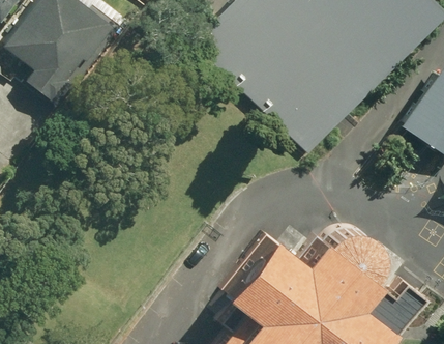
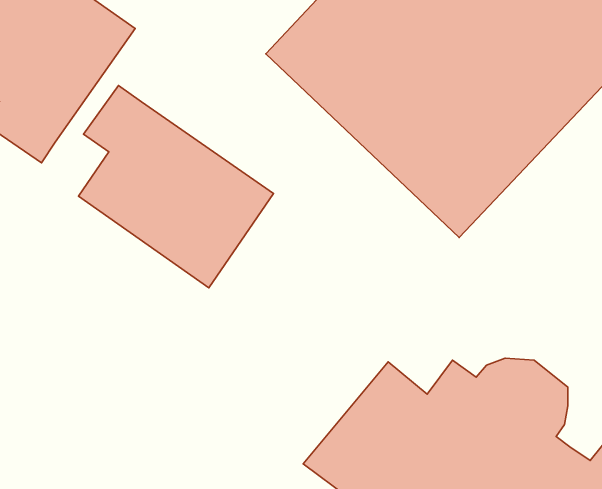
building: none -> [78,85,273,288]

